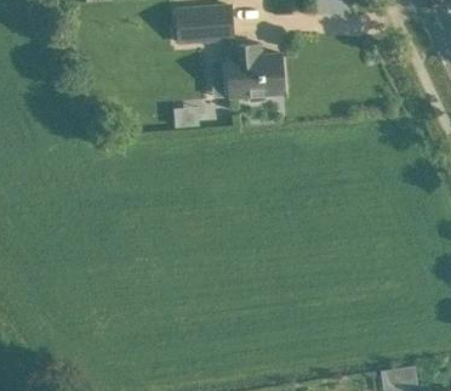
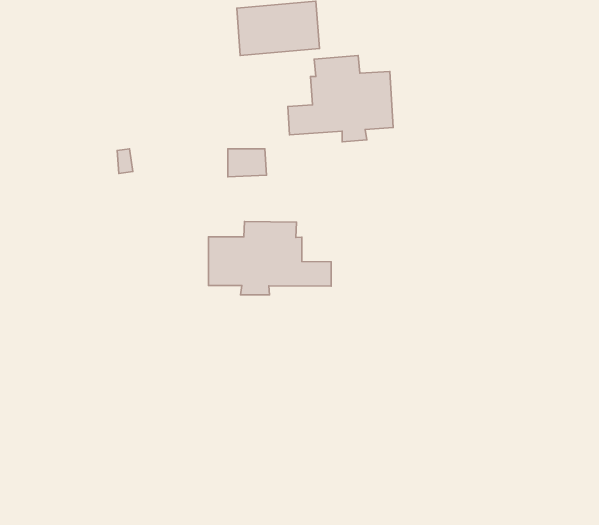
building: none -> [209,222,331,295]

